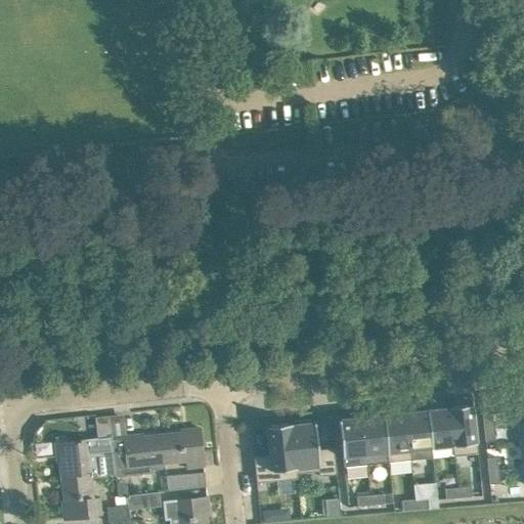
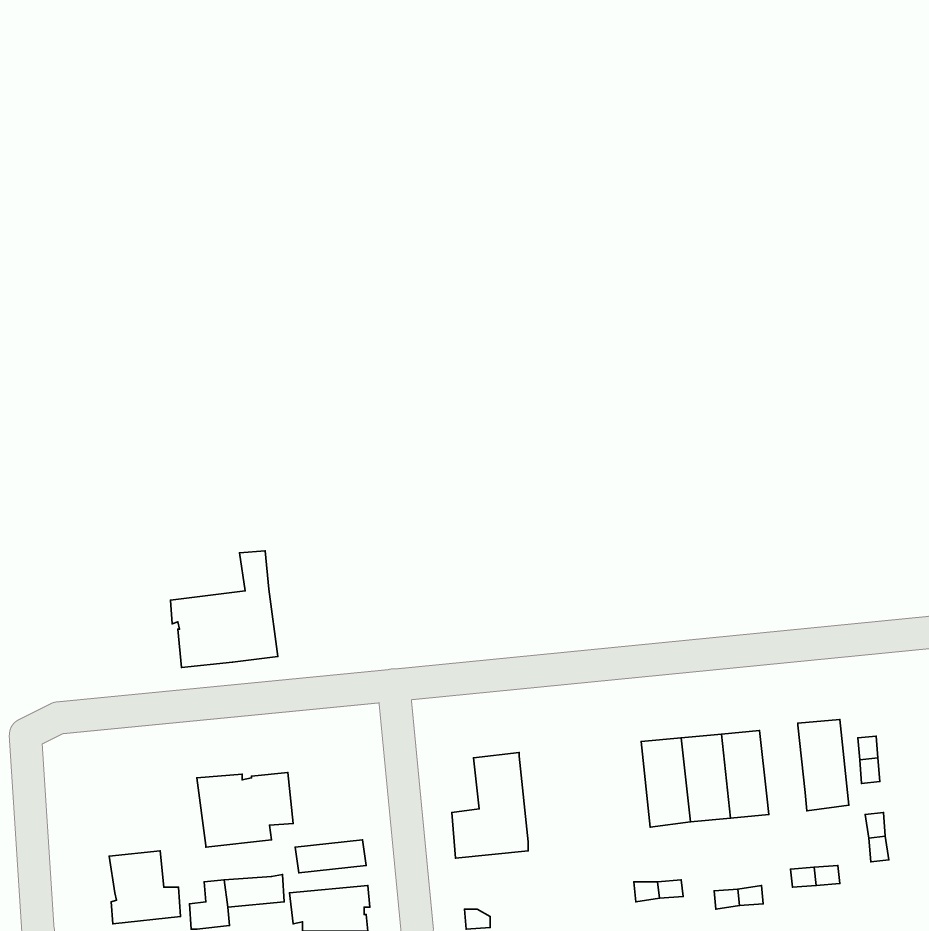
building: [428,407,453,447] -> none
building: [56,416,117,481] -> [170,551,278,667]
building: [340,417,366,467] -> none
building: [293,420,337,476] -> none
building: [163,428,204,468] -> none

